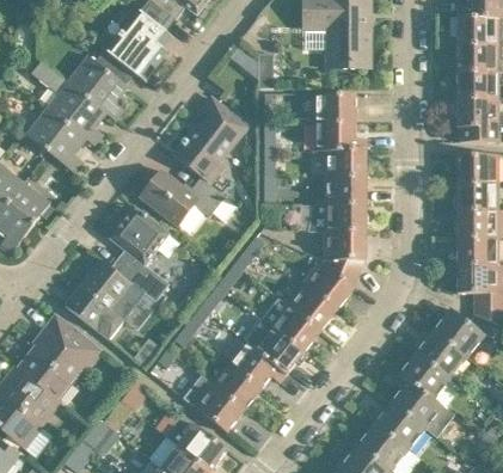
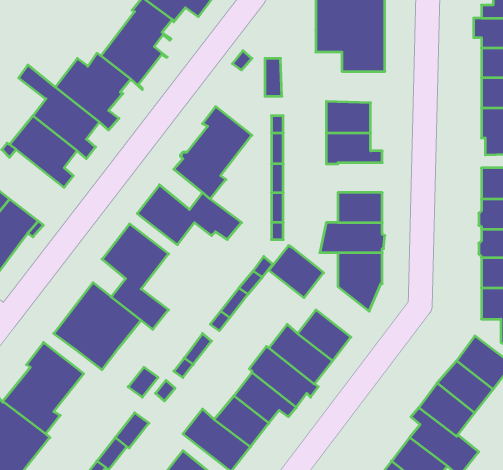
building: [325,149,366,177] -> none
building: [305,262,355,309] -> [269,246,324,298]

